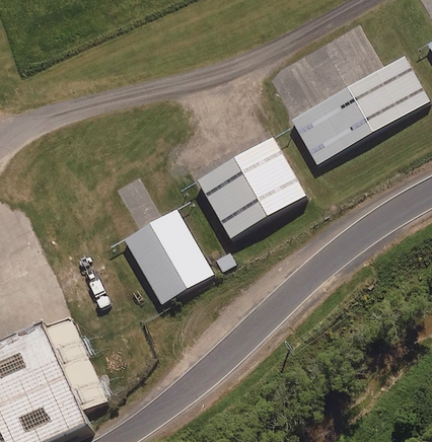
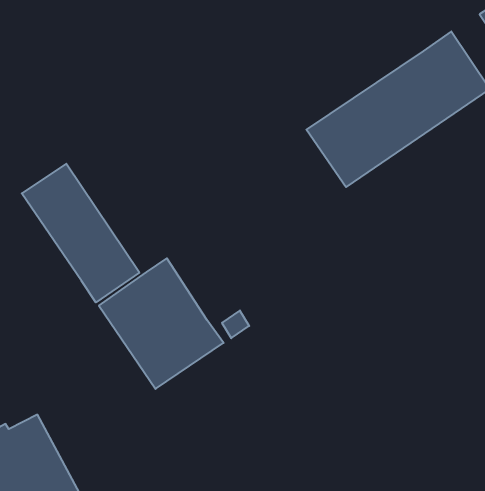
building: none -> [22,164,139,302]
building: [197,136,307,238] -> none

